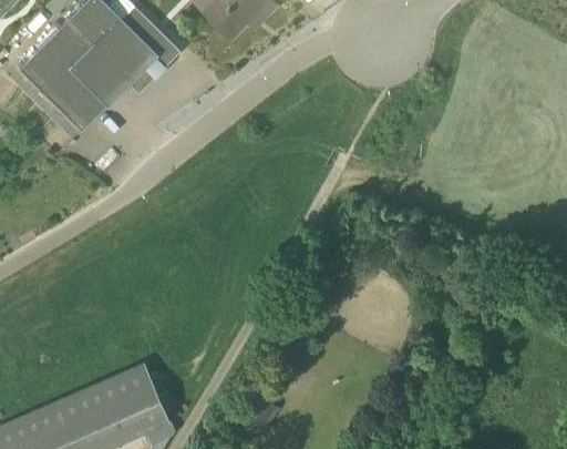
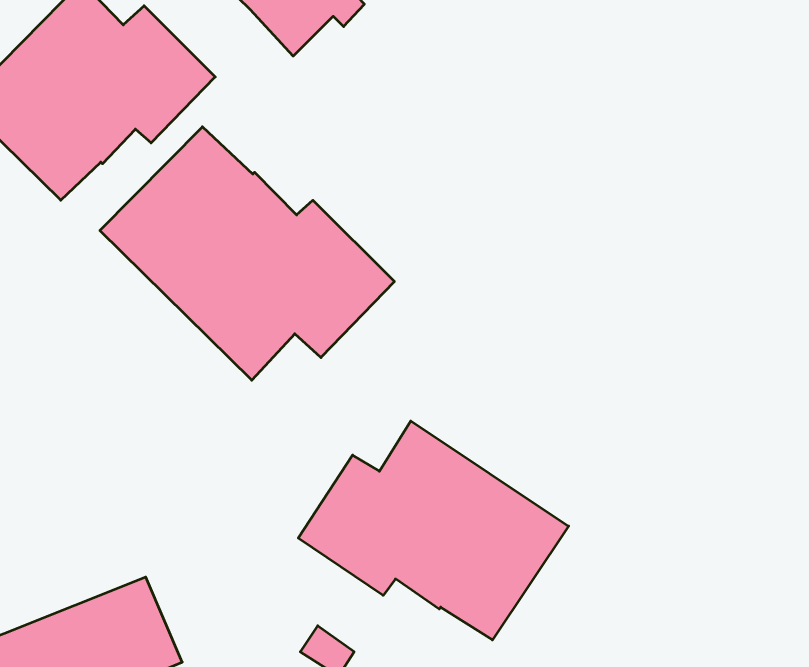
building: none -> [100,127,394,380]
building: none -> [298,421,569,640]

